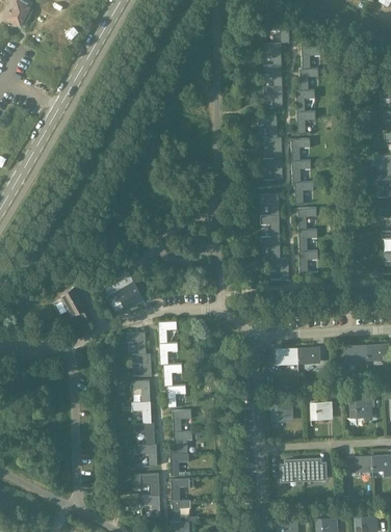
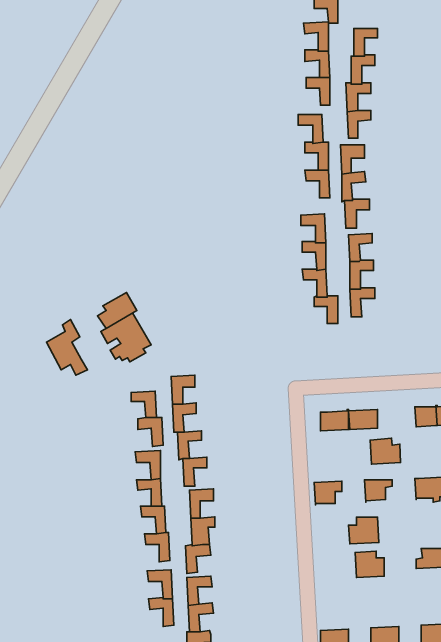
building: none -> [97,292,137,328]
building: none -> [370,438,401,464]
building: [279,460,303,481] -> [348,517,379,544]

